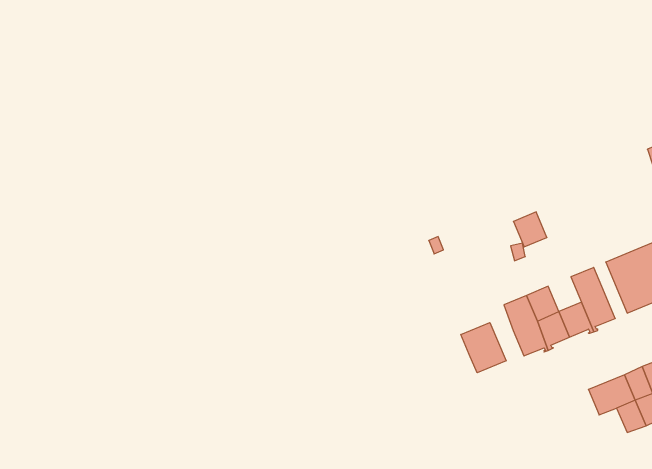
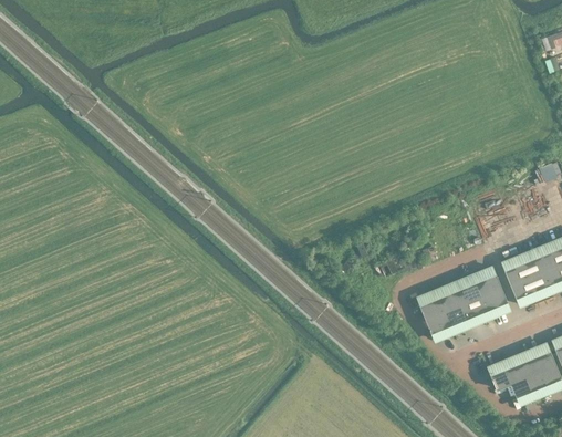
building: [513,212,547,247] -> [454,273,481,302]
building: [461,323,506,373] -> none

